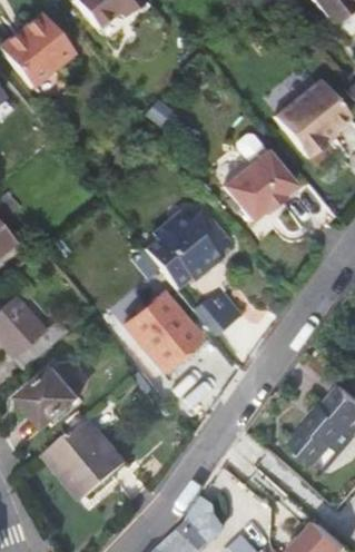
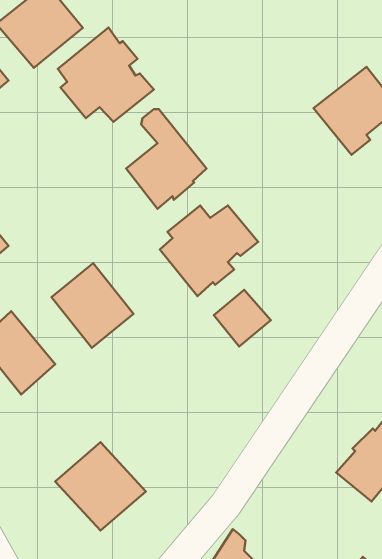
building: none -> [58,27,154,122]
building: [228,138,299,226] -> [126,109,207,209]
building: [126,296,198,371] -> [52,263,134,348]
building: [22,367,78,424] -> none

